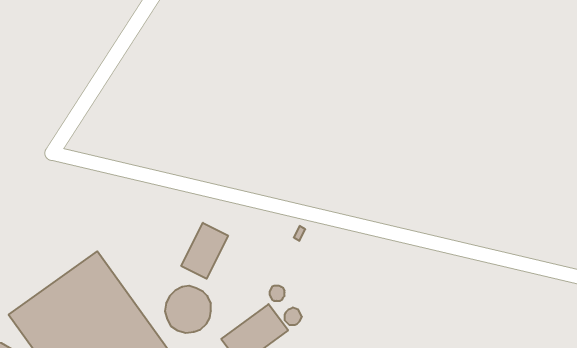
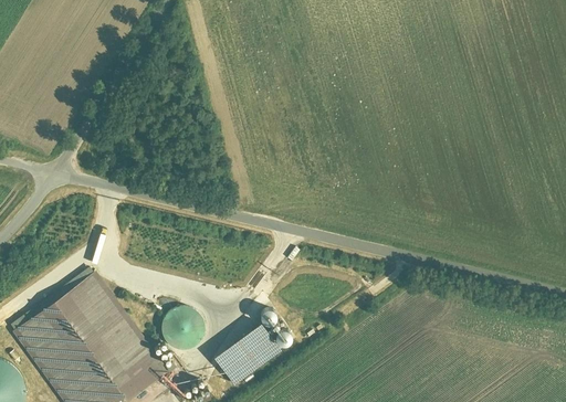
building: [181,223,228,279] -> none

